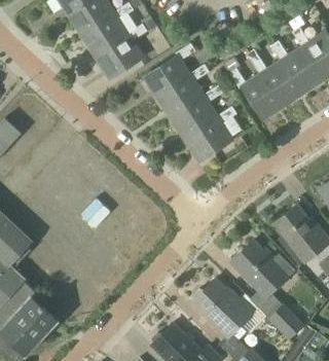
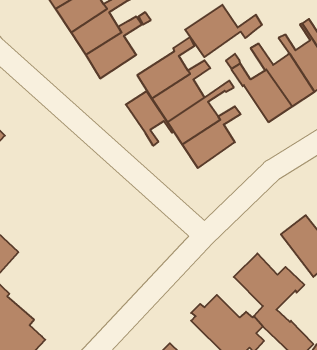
building: none -> [185,5,262,57]
building: none -> [126,91,174,146]

